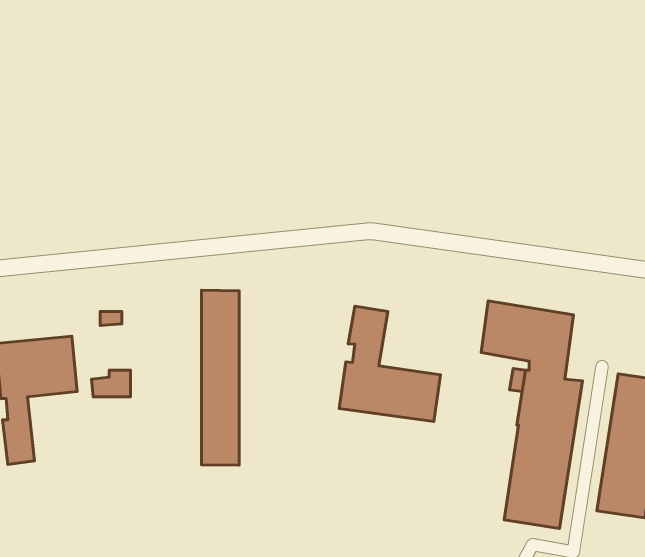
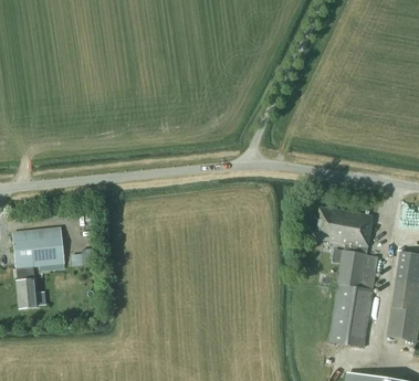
building: [202,290,239,465] -> none
building: [339,306,440,422] -> none

